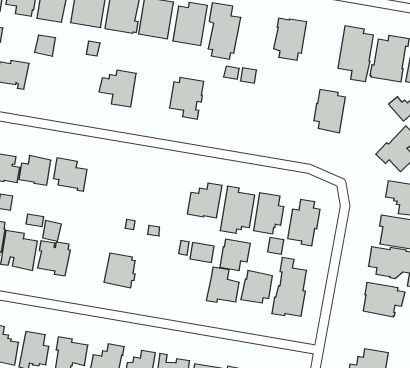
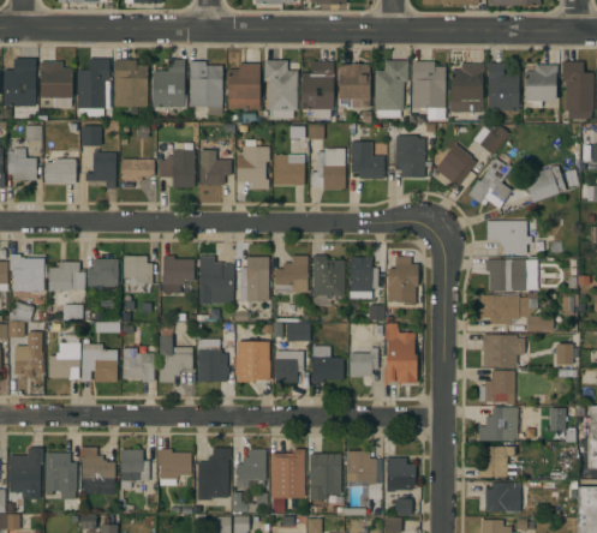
building: none -> [302,61,333,120]
building: none -> [374,60,408,118]
building: none -> [85,152,117,188]
building: none -> [121,158,155,181]
building: none -> [199,150,231,184]
building: none -> [351,142,384,179]
building: none -> [273,155,305,186]
building: none -> [310,148,346,188]
building: none -> [435,143,477,190]
building: none -> [163,256,195,295]
building: none -> [199,256,233,304]
building: none -> [240,257,269,301]
building: none -> [159,336,192,382]
building: [220,239,250,270] -> [275,351,304,382]
building: none -> [235,341,269,382]
building: none -> [479,370,515,405]

